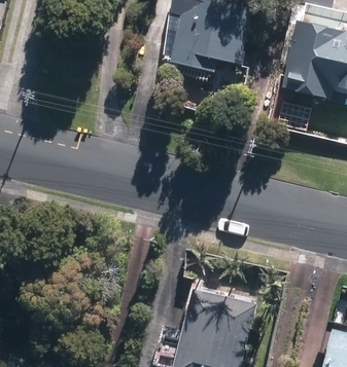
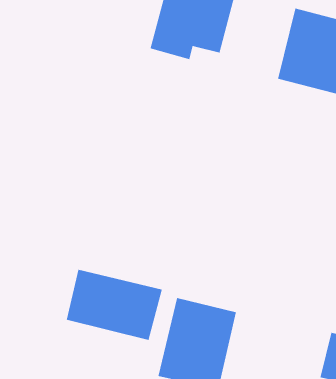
building: none -> [66,269,163,341]

